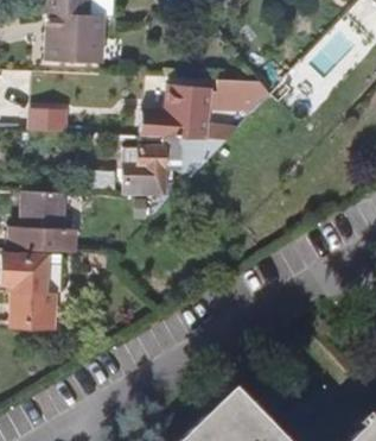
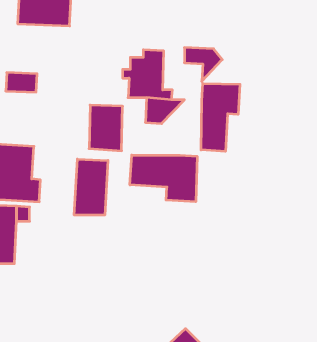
building: none -> [201,83,240,151]
building: none -> [130,155,197,202]
building: none -> [74,159,108,215]

